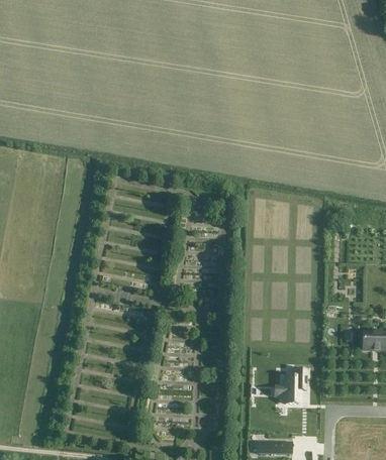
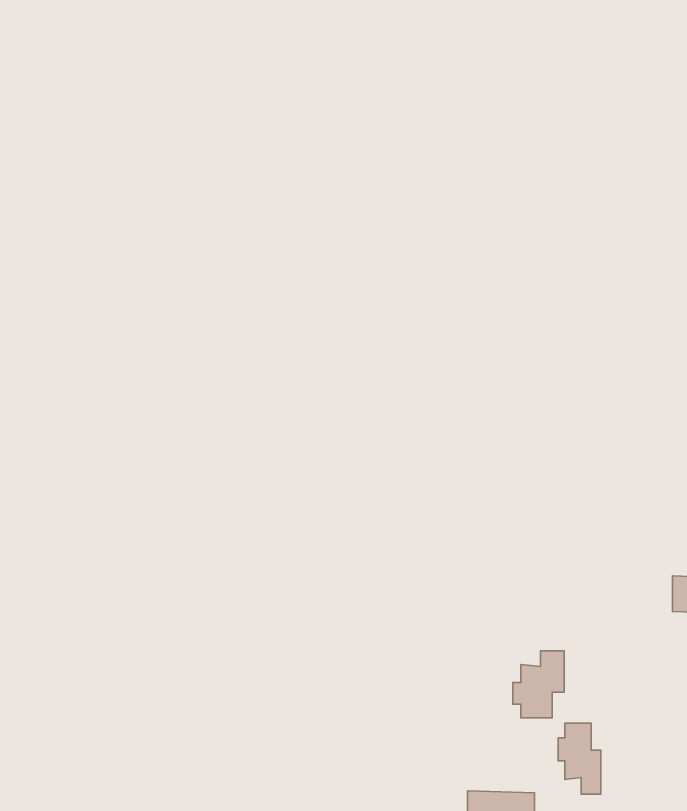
building: none -> [558,723,601,794]

